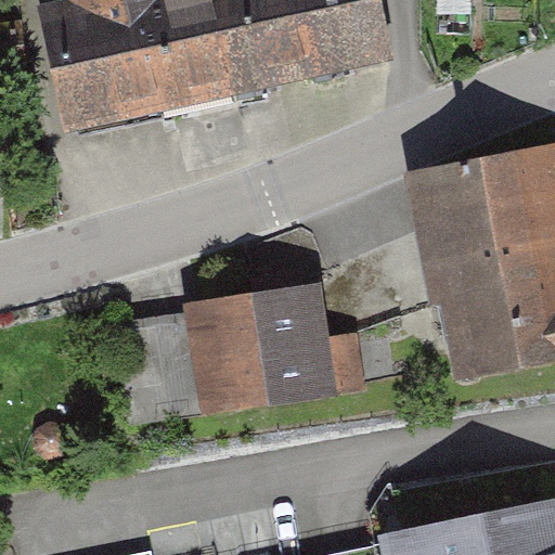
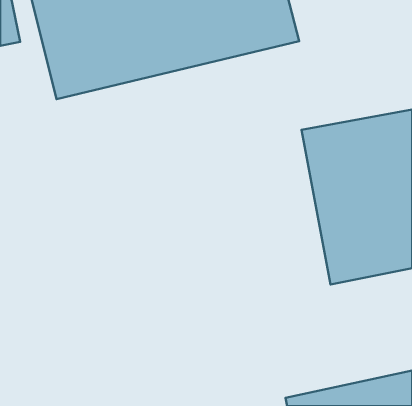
building: [185,276,339,414] -> none

